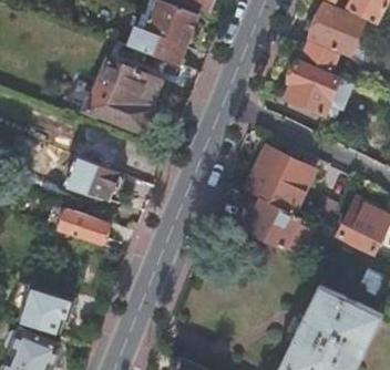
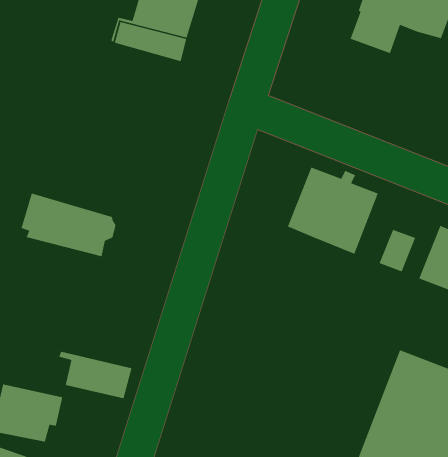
building: [88,58,161,131] -> none
building: [286,61,351,119] -> none
building: [246,198,311,255] -> none
building: [55,205,109,244] -> [58,351,132,399]

